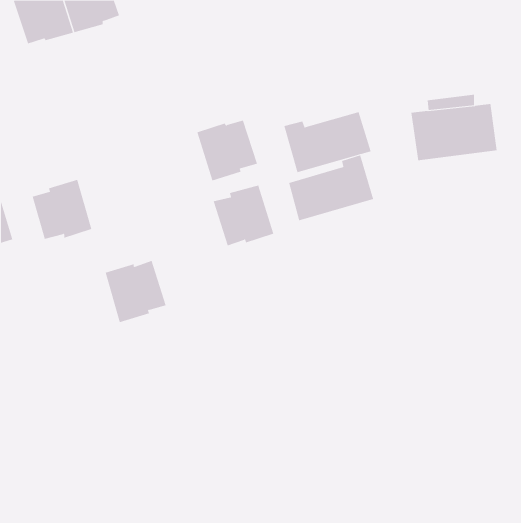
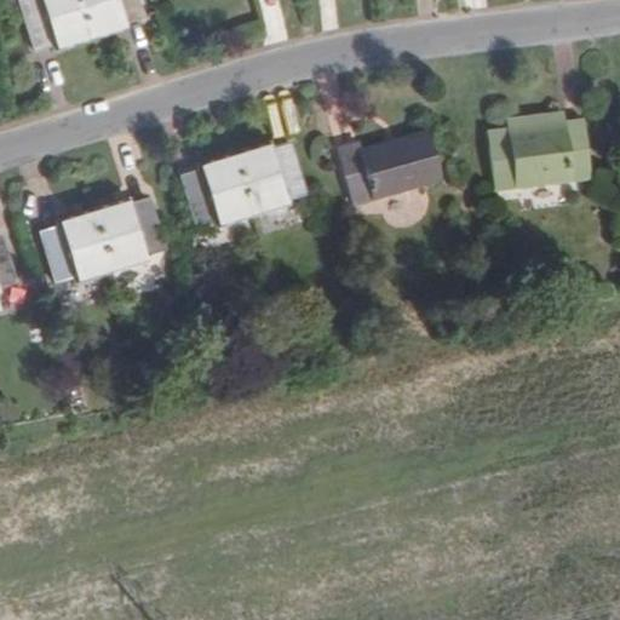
building: [289,155,374,221] -> none
building: [213,185,274,246] -> [180,156,253,229]
building: [105,260,166,323] -> [94,197,167,271]

